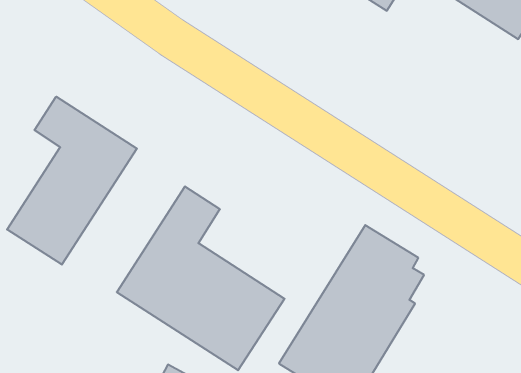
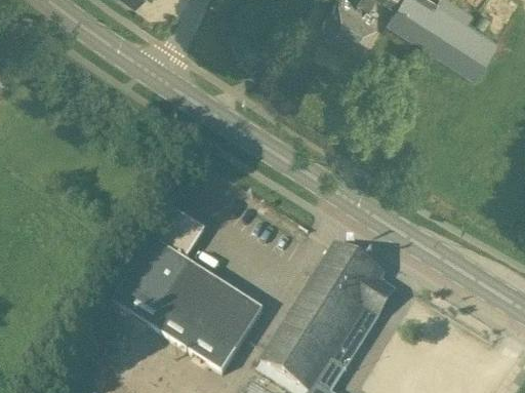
building: [7,97,137,265] -> none

